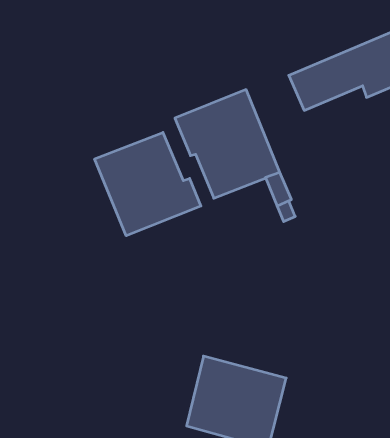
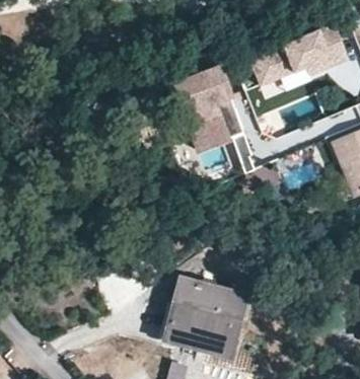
building: [95,132,201,236] -> none

